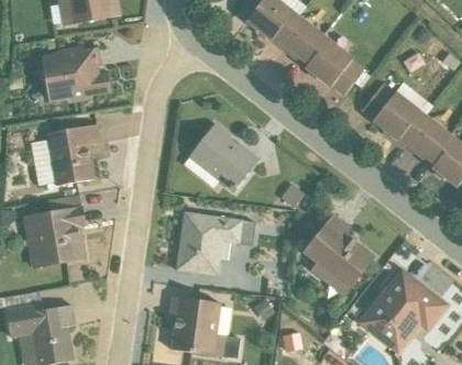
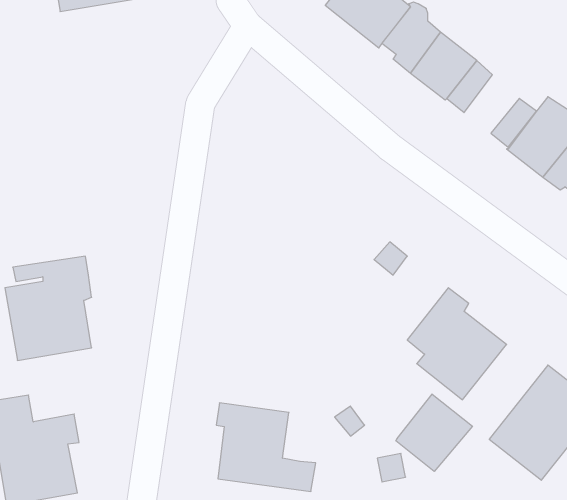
building: [42,46,110,102] -> none
building: [183,123,259,192] -> none
building: [31,124,100,185] -> none
building: [176,212,242,275] -> none
building: none -> [396,394,472,471]

